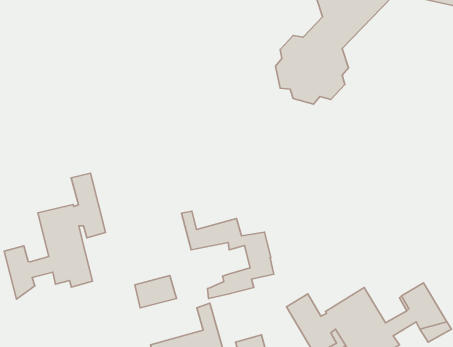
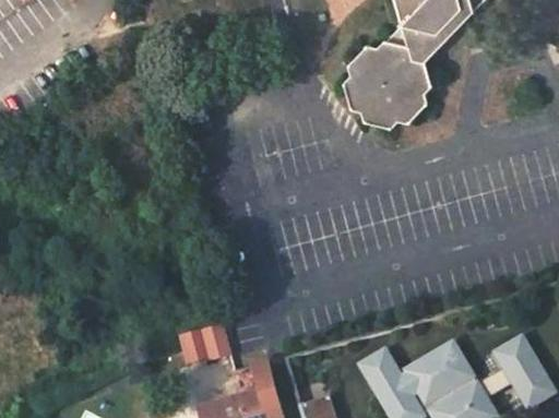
building: [4,173,106,299] -> none
building: [182,211,274,298] -> none

